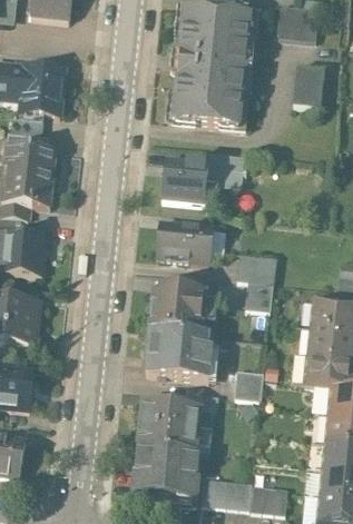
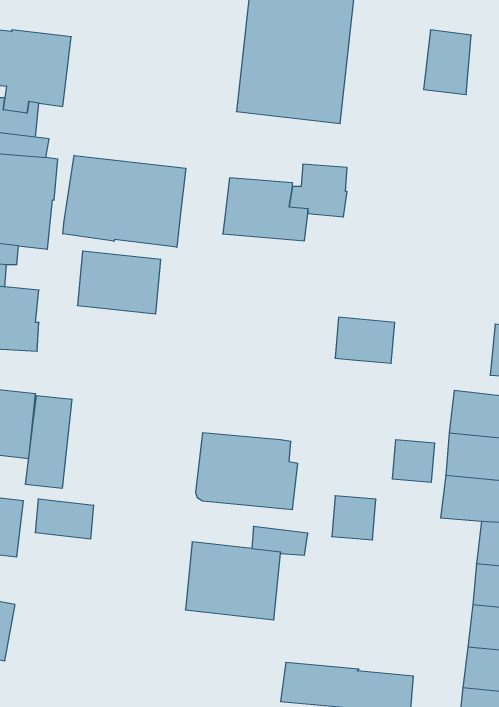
building: none -> [63,155,186,247]
building: [157,223,212,264] -> [77,251,161,314]
building: [245,281,273,309] -> [392,440,435,482]
building: [149,286,204,334] -> none
building: none -> [26,396,72,488]
building: none -> [35,499,94,539]
building: [130,445,199,502] -> none

